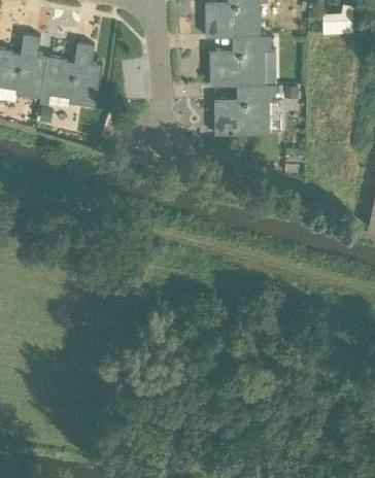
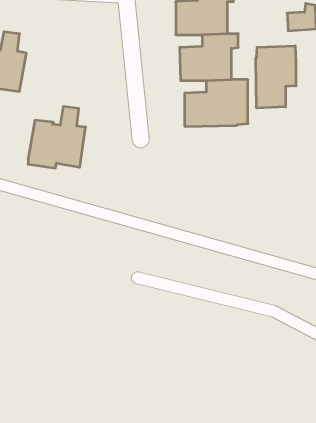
building: [40,42,101,107] -> [28,107,86,168]
building: none -> [256,46,296,108]

